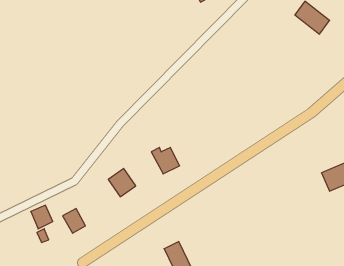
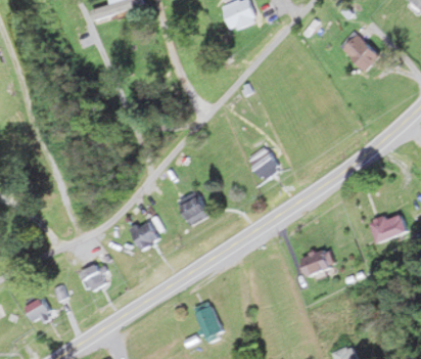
building: none -> [247,145,281,180]
building: none -> [300,249,332,277]
building: [31,205,53,229] -> [24,295,48,321]

